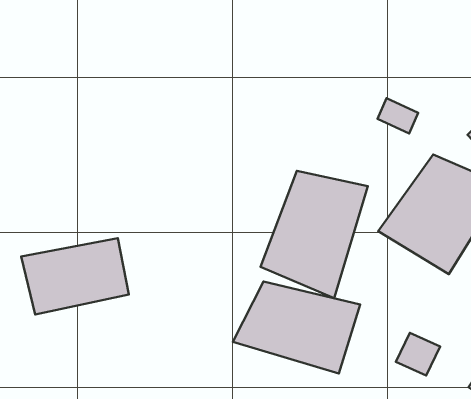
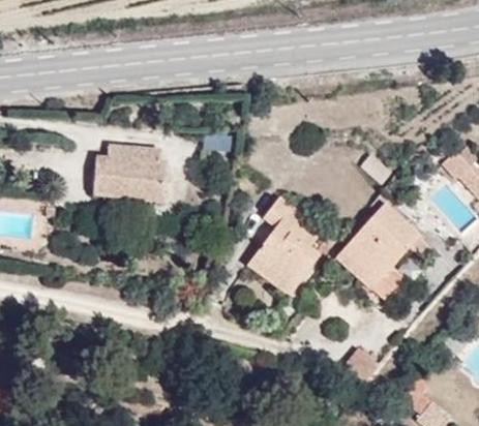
building: [21,238,129,315] -> [91,150,174,201]
building: [233,281,360,373] -> none

